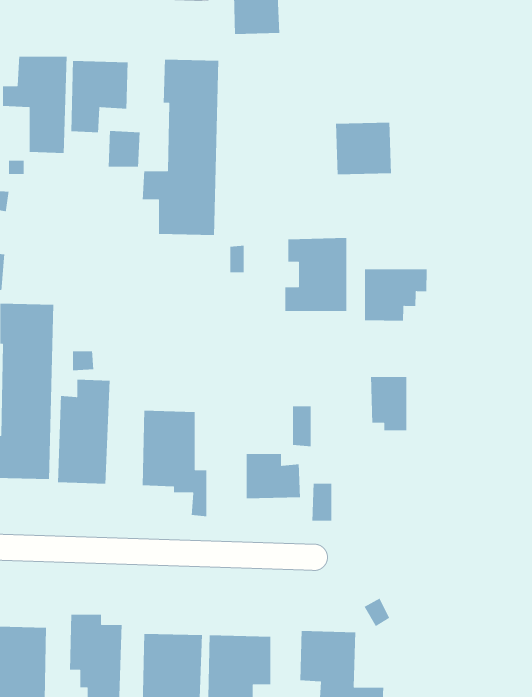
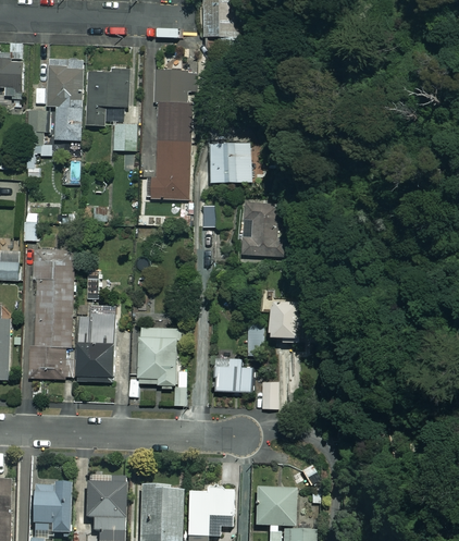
building: [335,122,392,175] -> [211,143,252,182]
building: [364,268,428,321] -> none
building: [370,376,407,431] -> [271,302,298,342]

